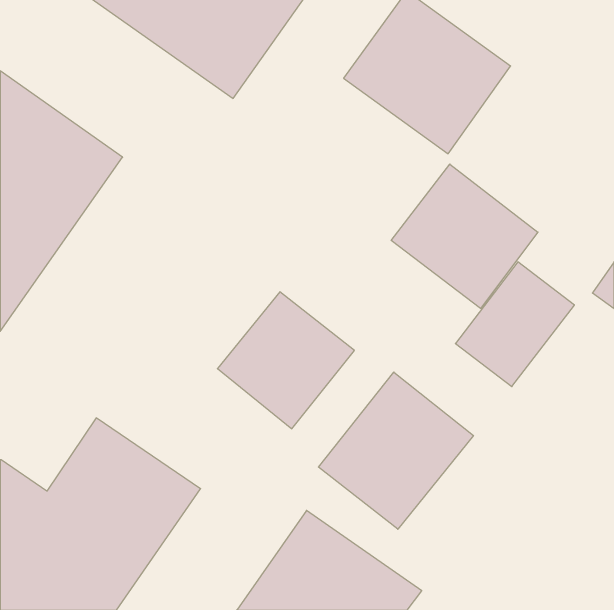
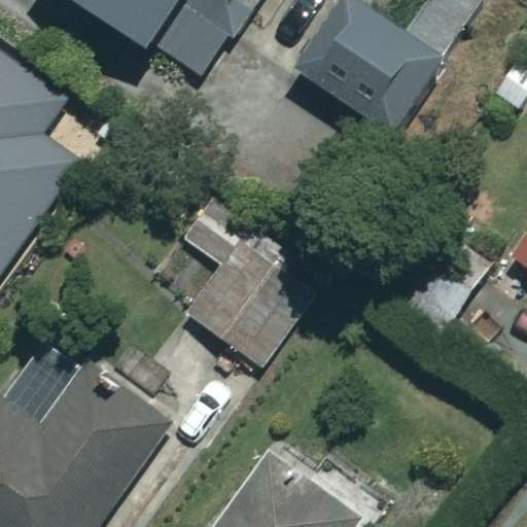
building: [391,164,538,308] -> none
building: [318,372,473,529] -> none

